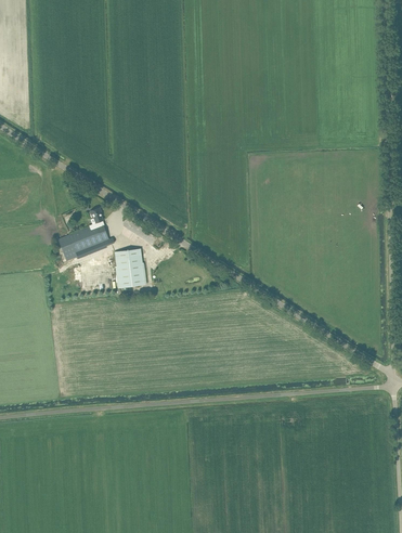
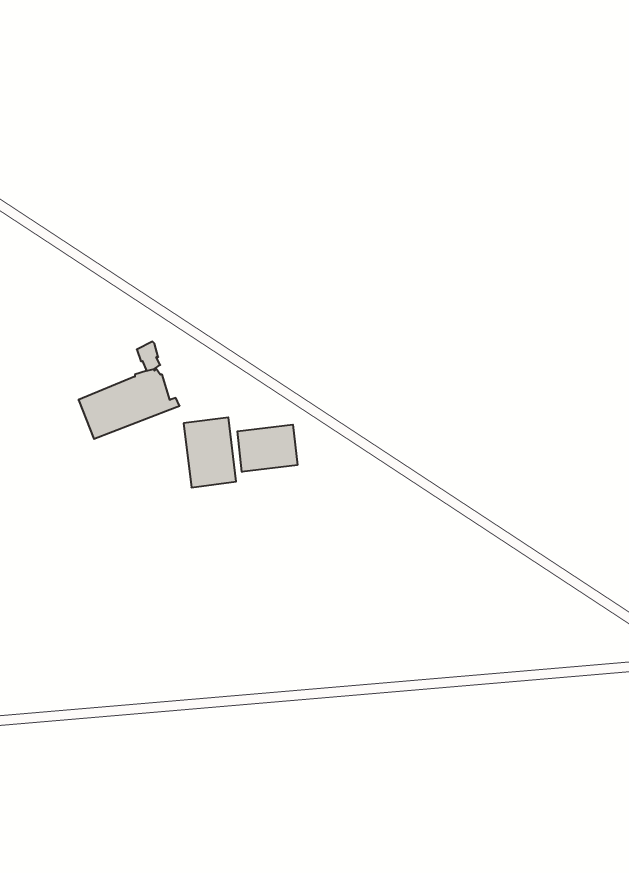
building: none -> [237,425,297,472]

